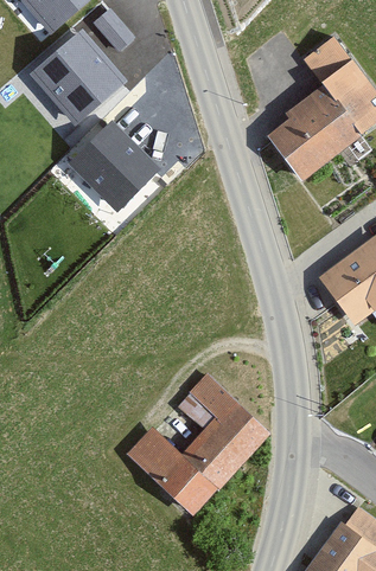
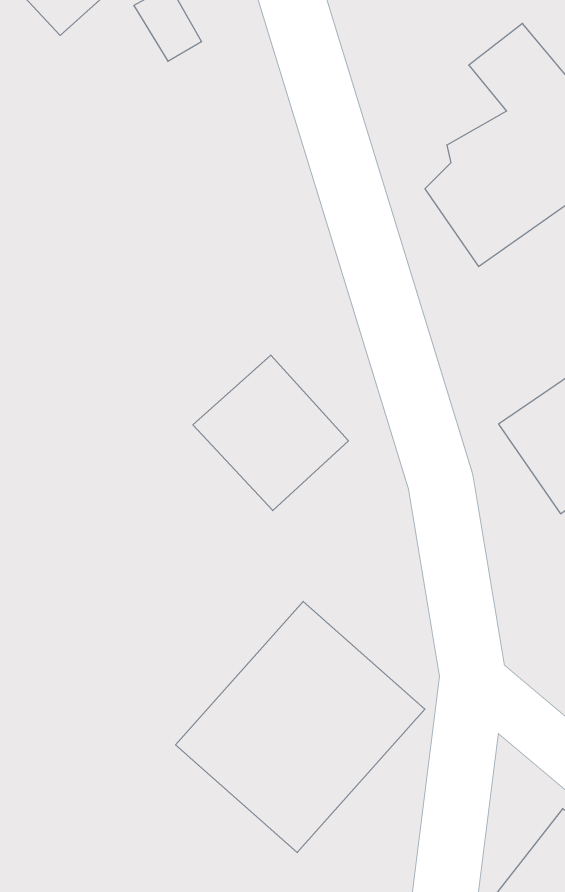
building: [32,30,130,128] -> none
building: [70,121,162,213] -> [193,355,348,511]

